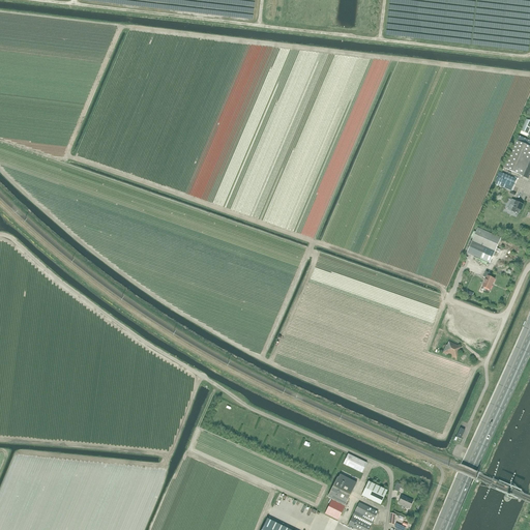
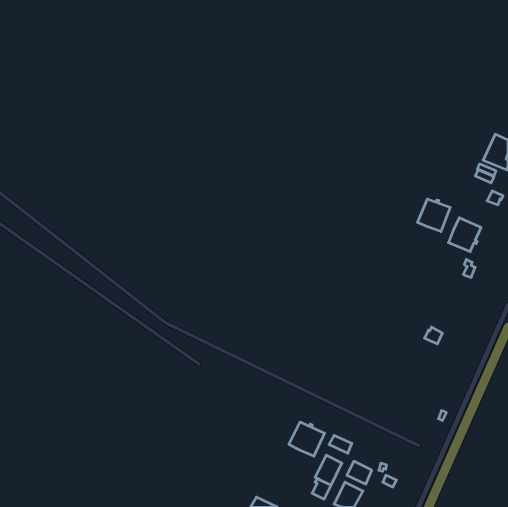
building: none -> [418,199,450,232]
building: none -> [289,422,325,456]

